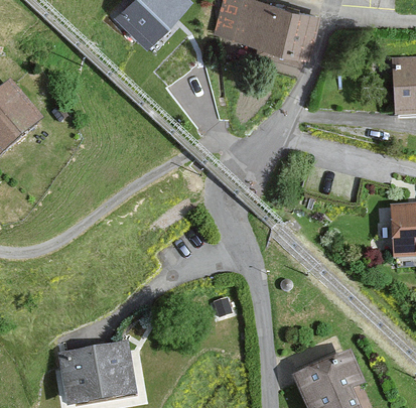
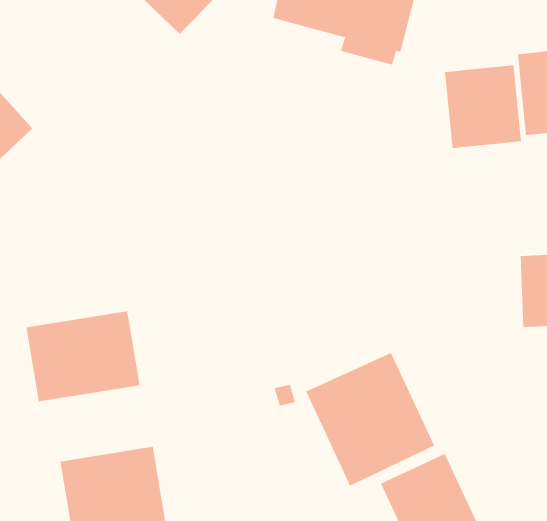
building: none -> [445,65,521,149]
building: none -> [26,310,140,402]
building: none -> [305,352,435,486]

